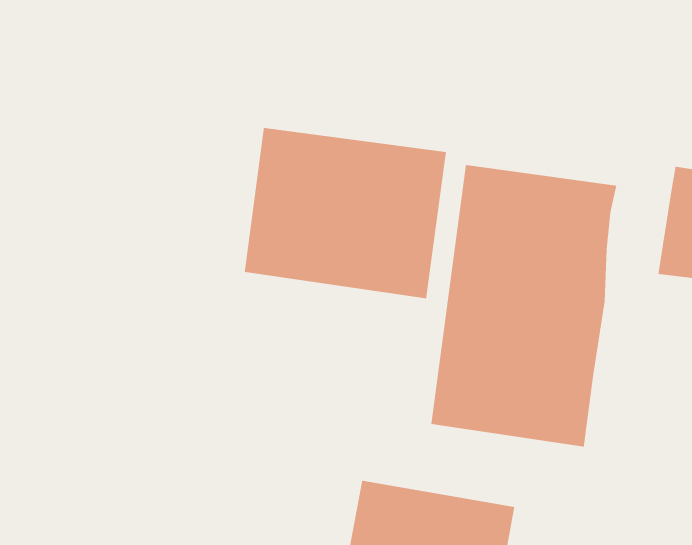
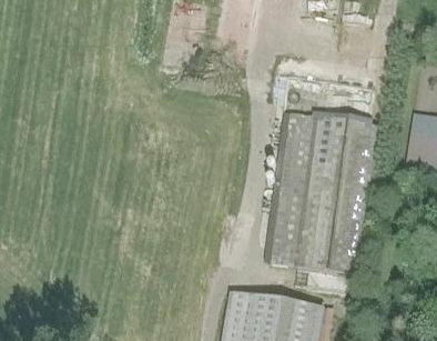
building: [244,127,446,299] -> none

